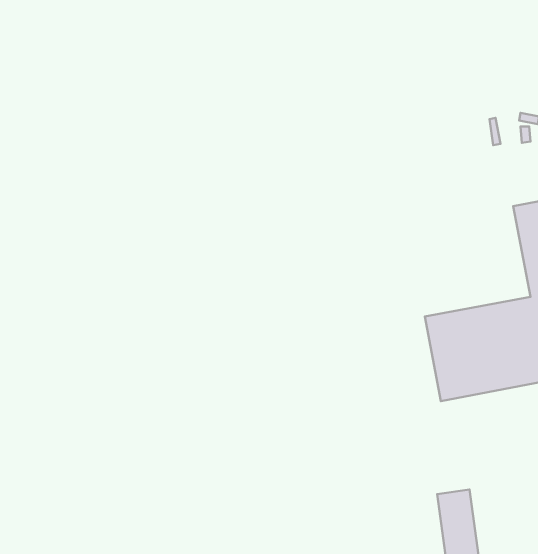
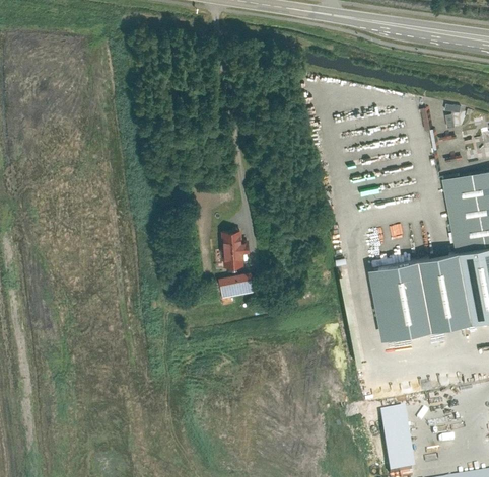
building: none -> [221,231,248,267]
building: none -> [218,272,253,298]

